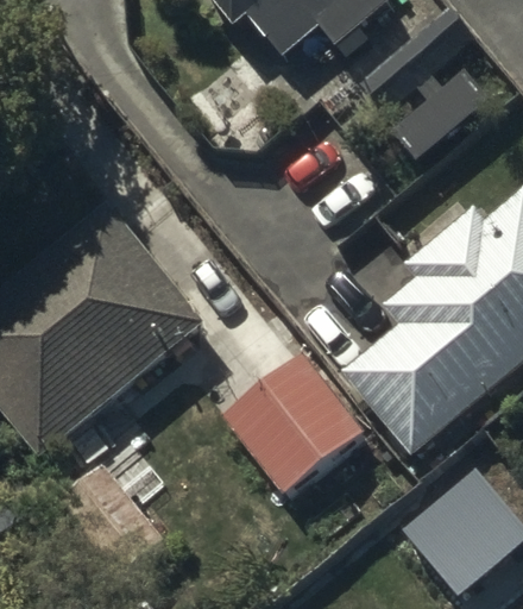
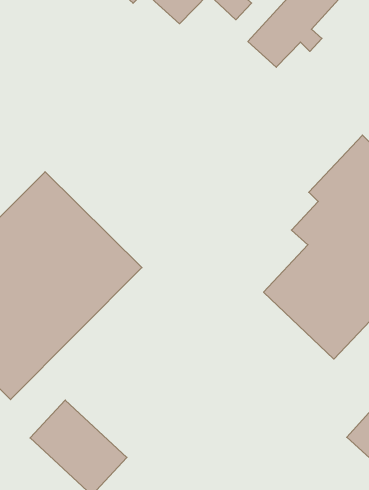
building: [221,351,363,491] -> none

